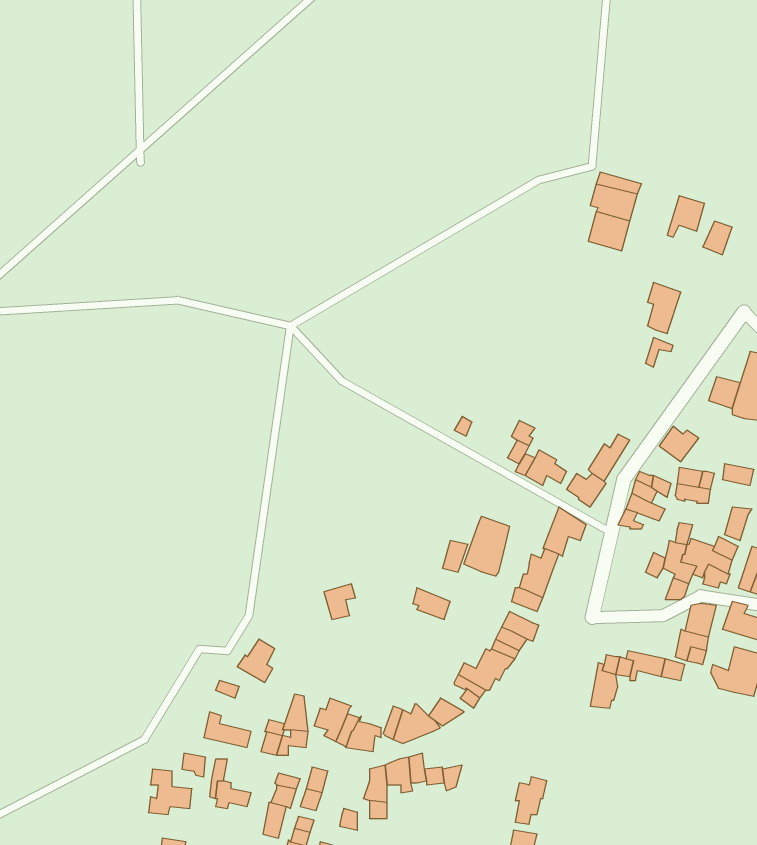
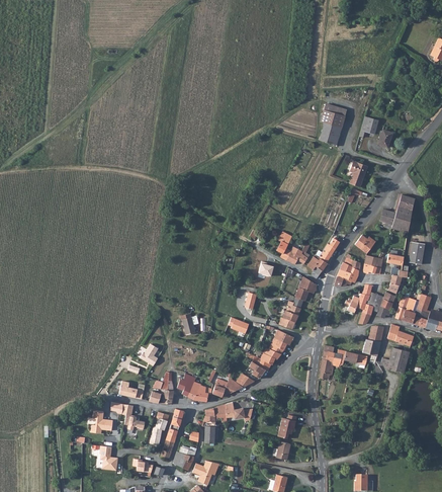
building: [464,516,509,576] -> none

